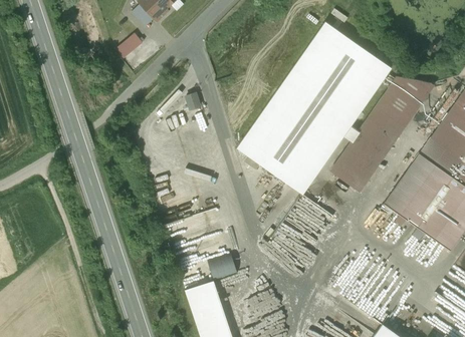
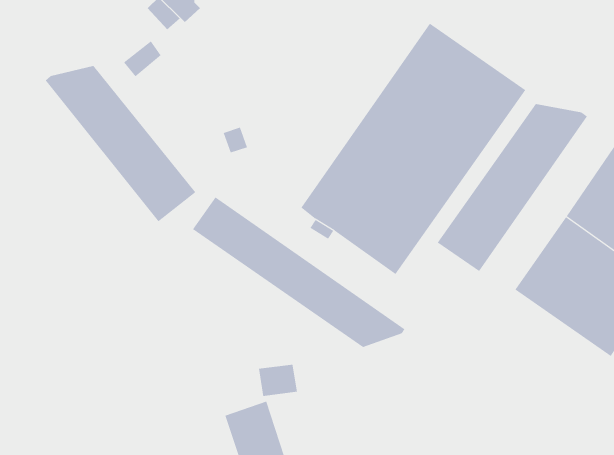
building: none -> [45,65,196,222]
building: none -> [192,196,405,348]

